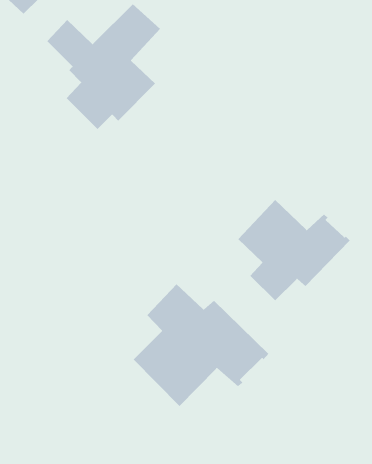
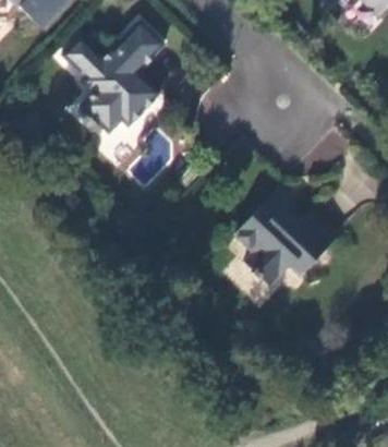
building: [133,283,269,407] -> none

